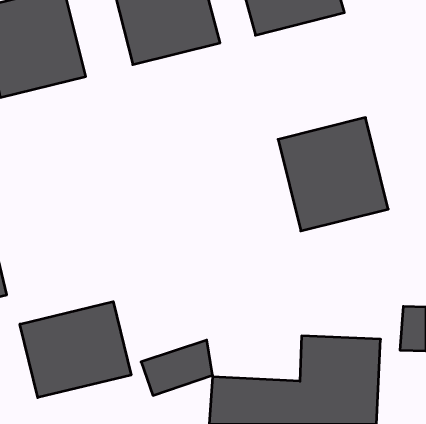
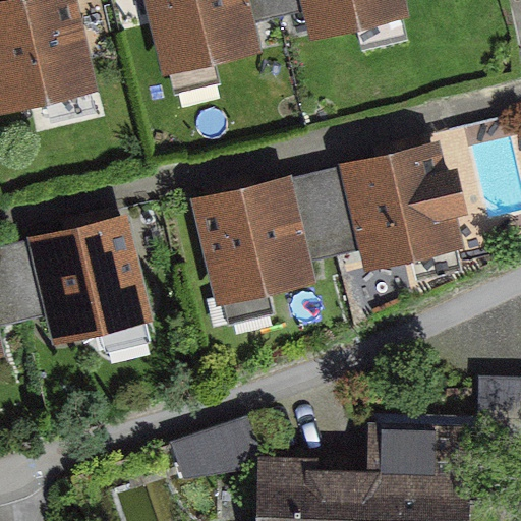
building: none -> [189,177,320,311]
building: none -> [23,216,155,350]
building: [20,302,131,398] -> none

